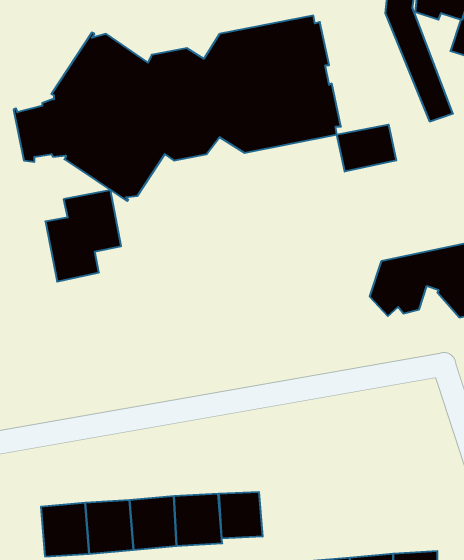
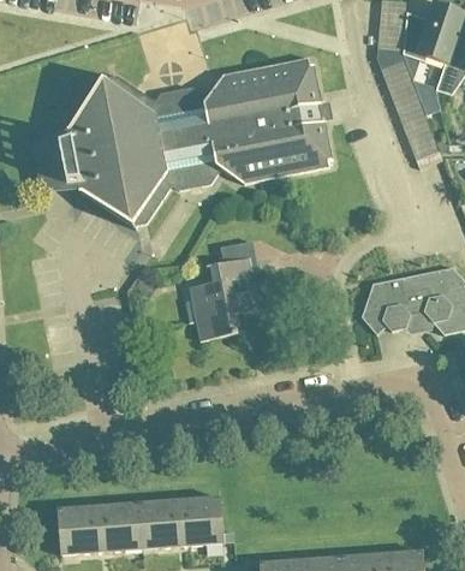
building: [337,125,396,172] -> none
building: [45,190,121,282] -> [189,258,258,343]
building: [219,492,263,539] -> none

